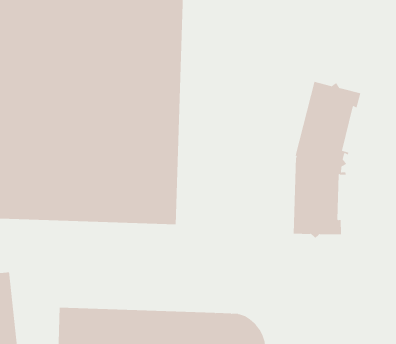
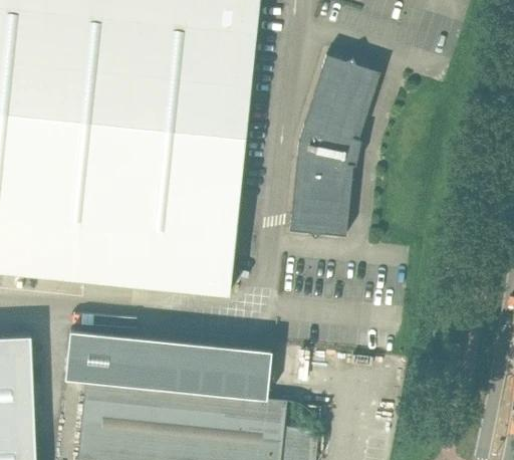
building: [293,81,361,238] -> [289,54,380,238]
building: none -> [65,330,272,400]

